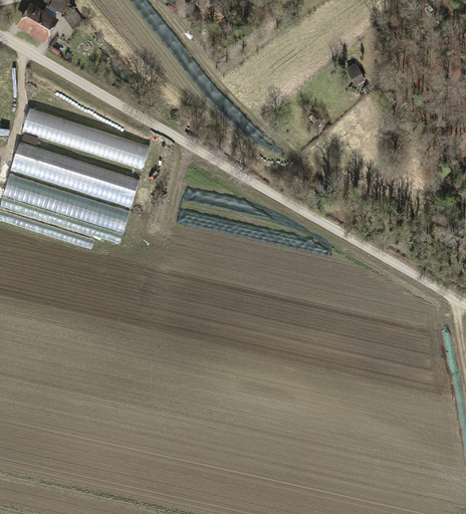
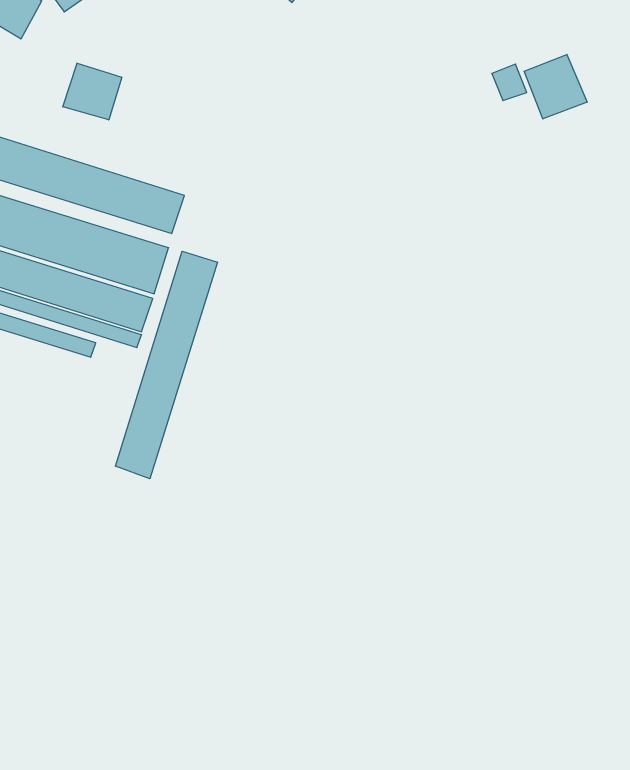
building: none -> [524,54,587,119]
building: none -> [63,63,122,120]
building: none -> [115,251,217,479]

